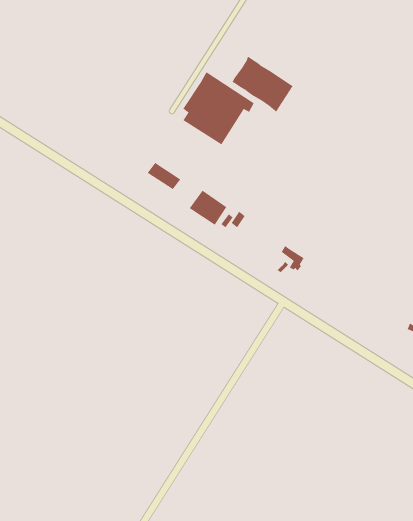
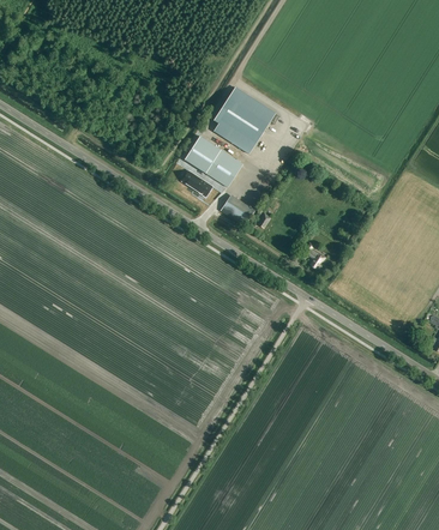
building: [232,56,294,112] -> [185,135,241,187]

